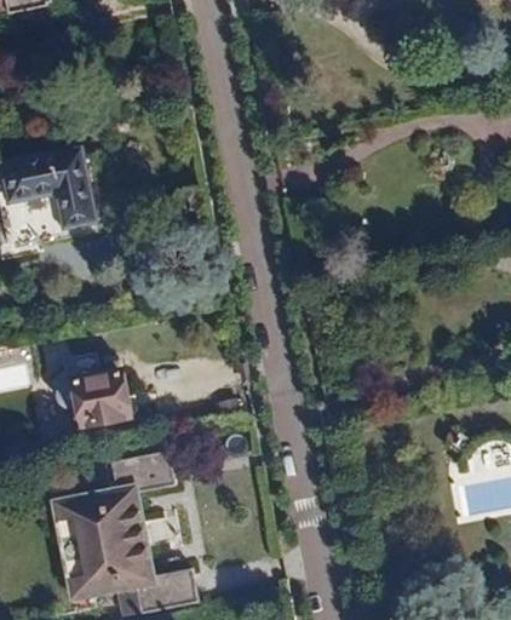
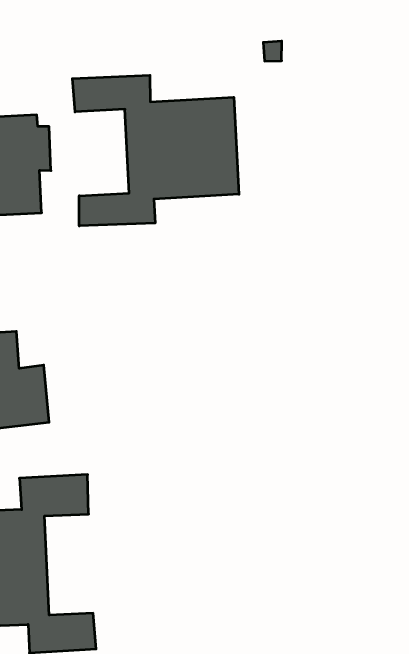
building: none -> [72,75,239,226]

